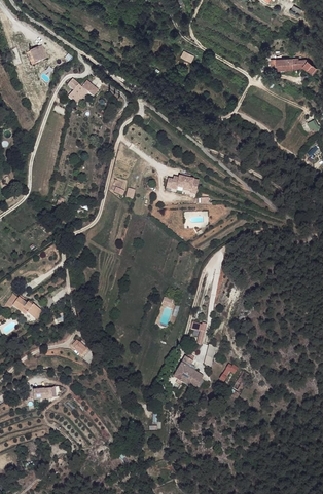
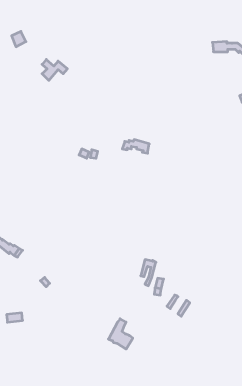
building: [173,352,203,389] -> [108,319,133,349]

